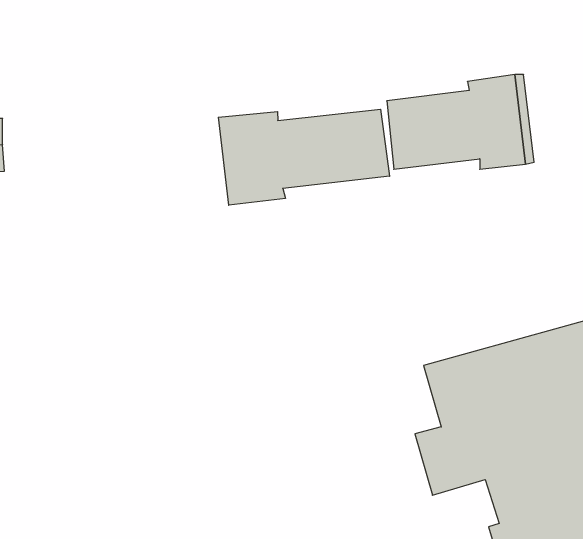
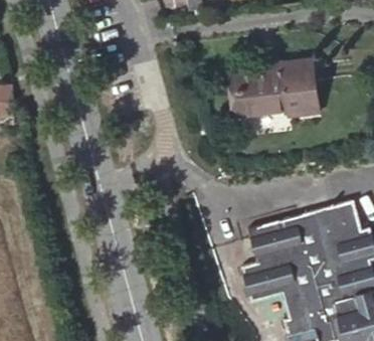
building: [218,109,390,205] -> none

